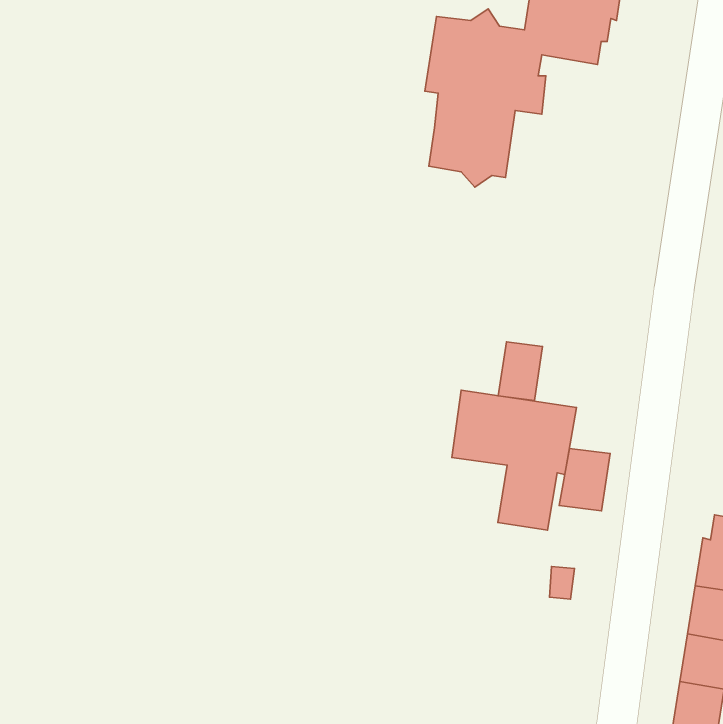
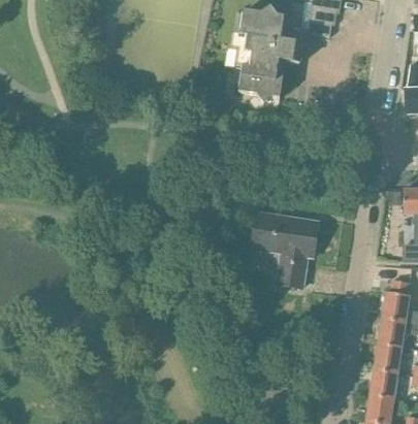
building: [498,342,543,401] -> none
building: [559,449,610,511] -> none

